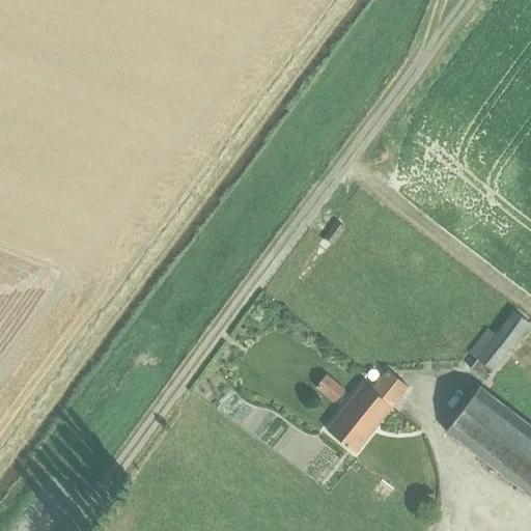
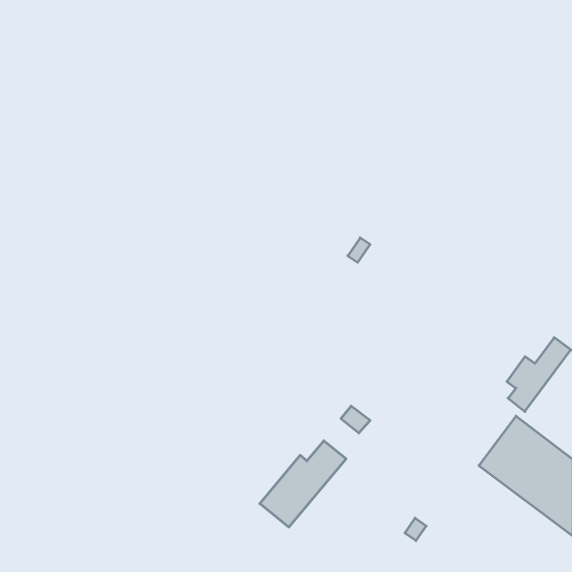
building: [328,370,408,450] -> [260,441,346,527]

